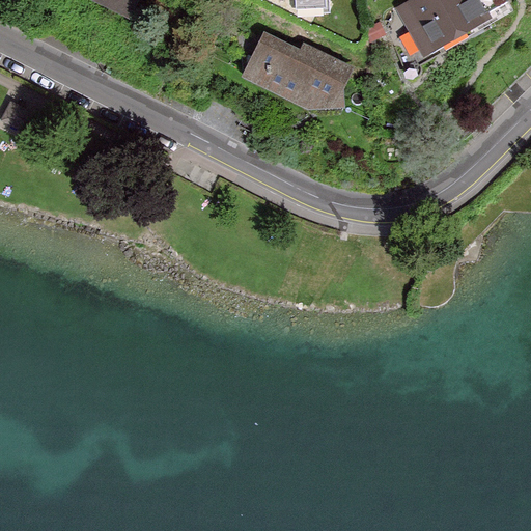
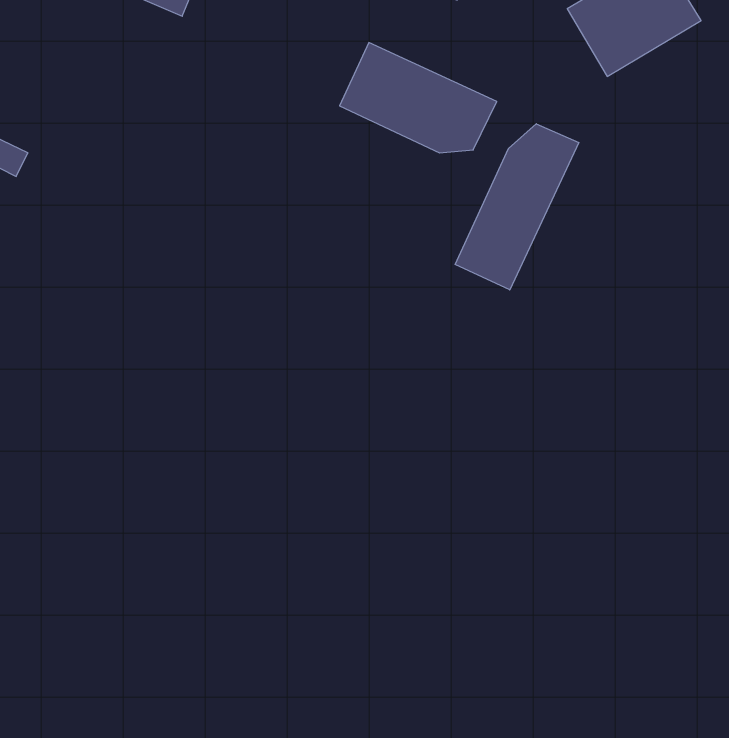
building: none -> [455,124,579,290]

